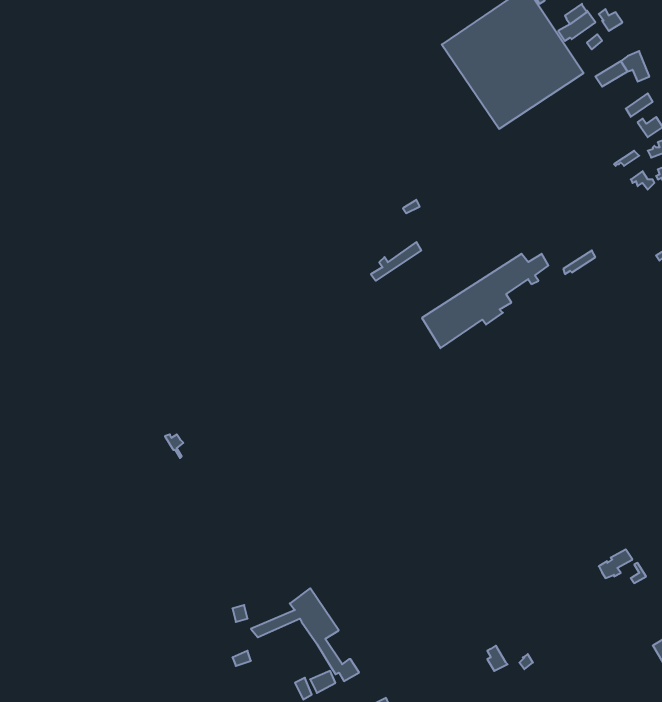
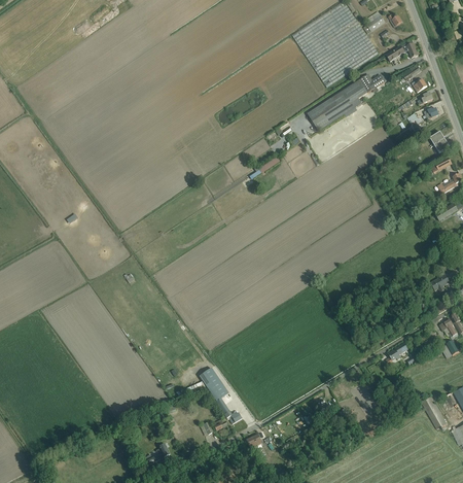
building: [422,254,548,348] -> [307,73,384,131]

